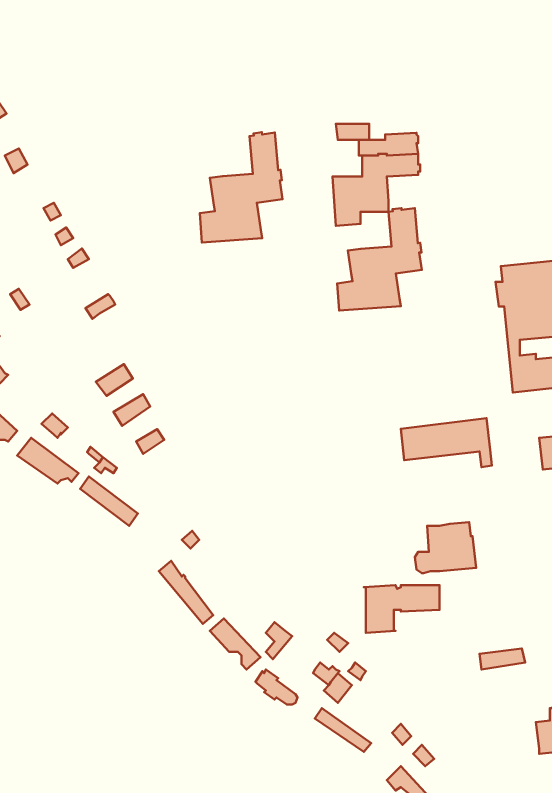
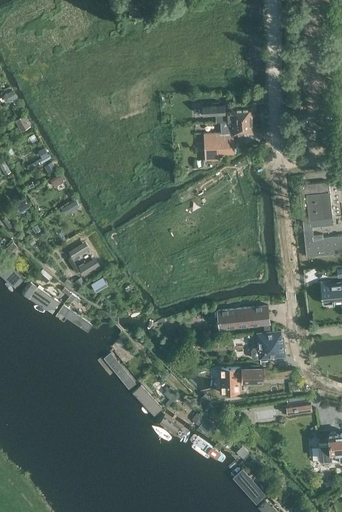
building: [200,132,283,243] -> none
building: [337,208,422,311] -> none
building: [401,418,492,467] -> [217,305,269,333]

